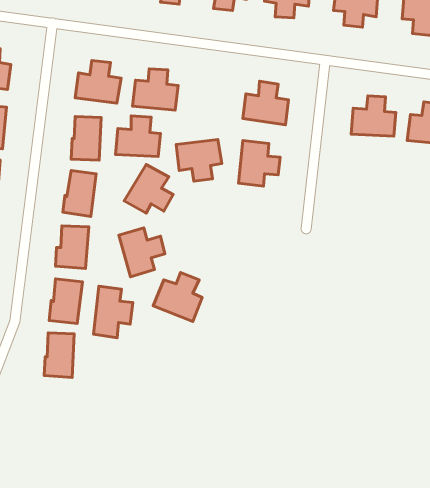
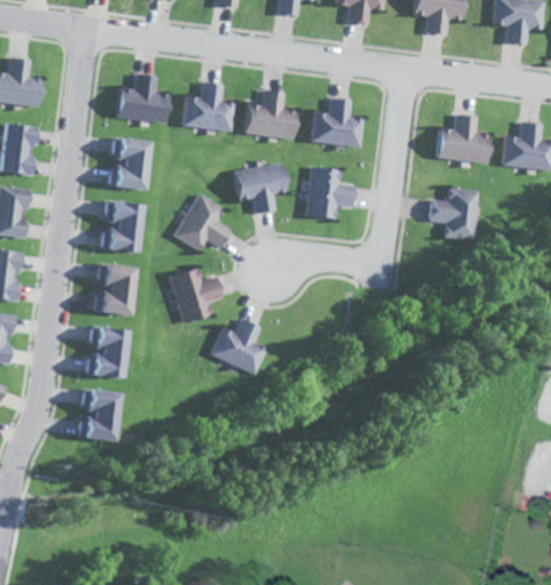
building: [116,116,160,157] -> [245,89,297,137]
building: none -> [430,187,480,239]
building: [94,286,133,338] -> none

